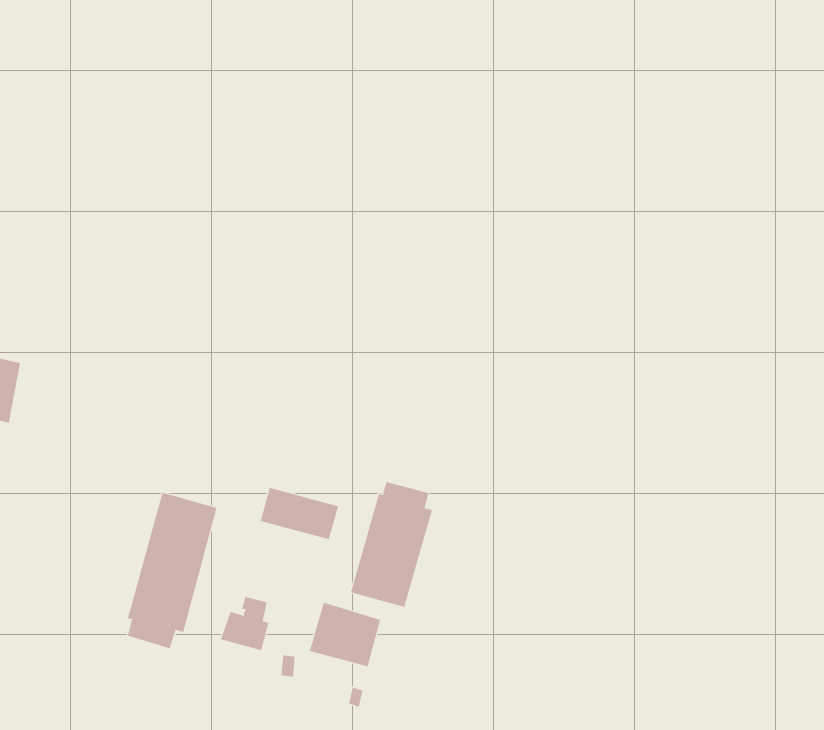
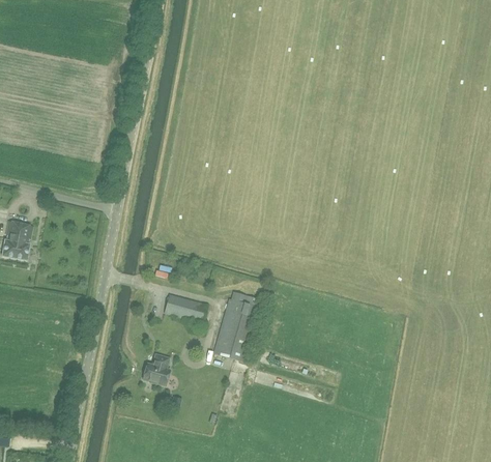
building: [127,492,217,649] -> none
building: [309,602,381,667] -> none

